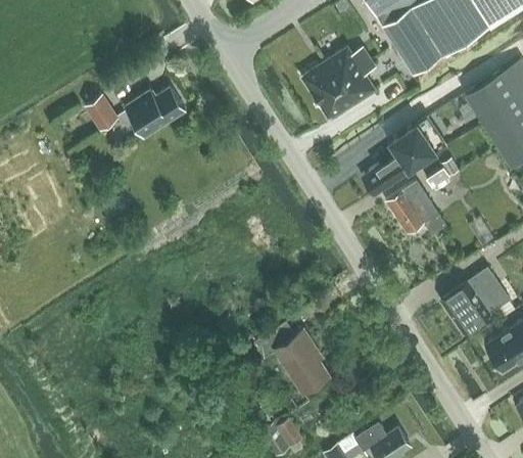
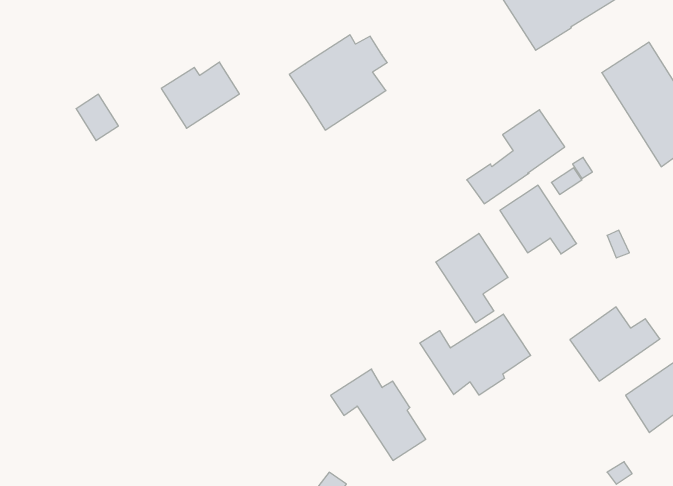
building: [301,46,377,120] -> [289,35,387,130]
building: [86,94,118,130] -> [76,94,118,141]
building: none -> [436,233,508,323]
building: none -> [420,314,531,395]

